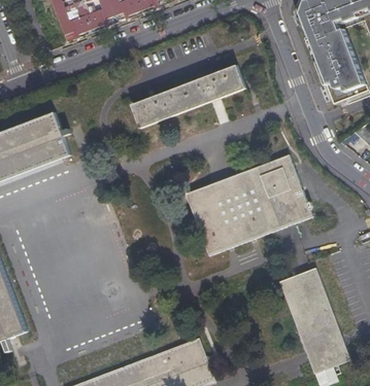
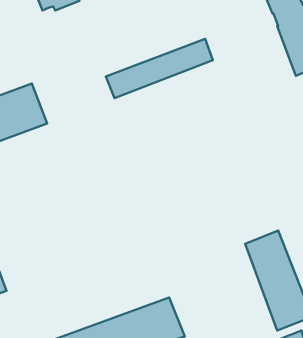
building: [186,154,311,255] -> none

